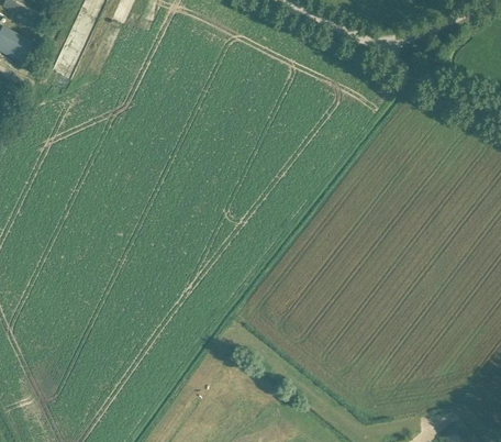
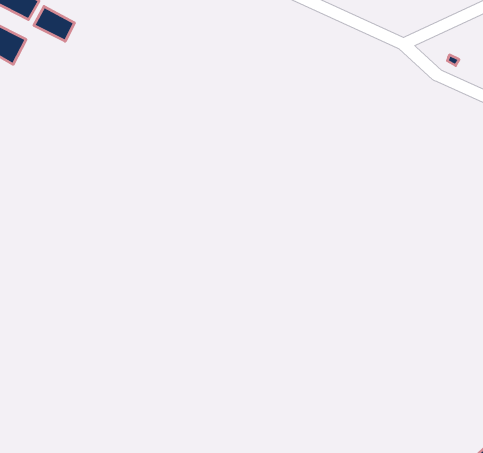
building: none -> [34,6,74,41]

